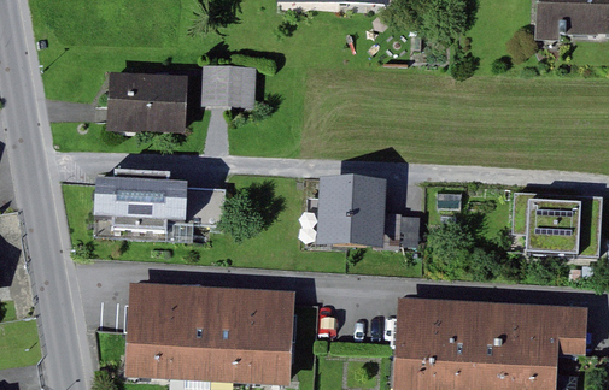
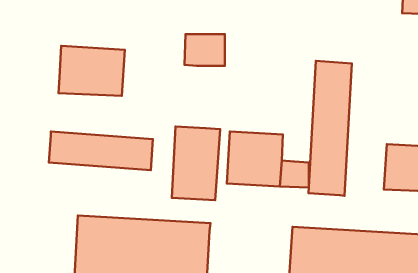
building: [203,65,253,105] -> [184,34,225,66]
building: none -> [308,61,352,196]
building: none -> [172,127,220,200]

